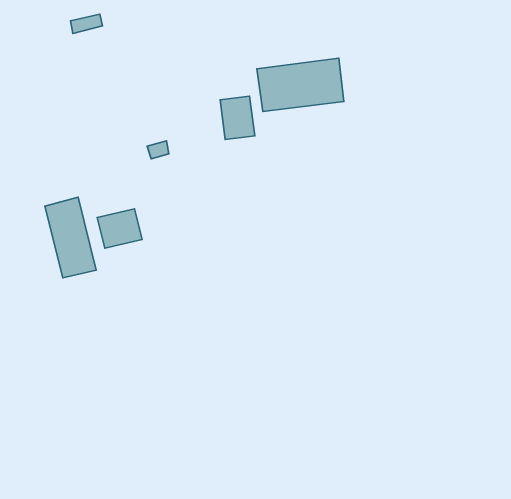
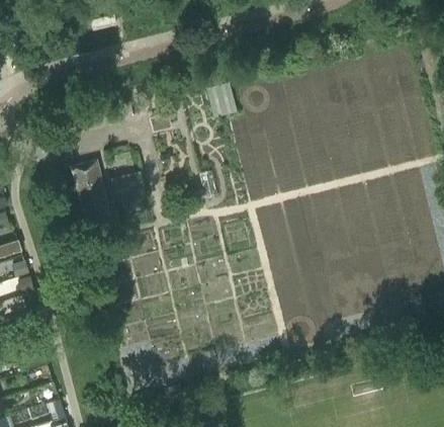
building: [257,58,344,111] -> none

